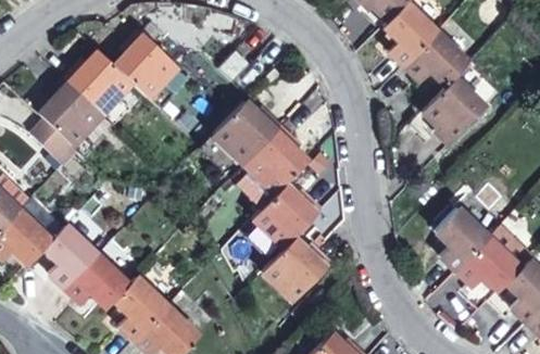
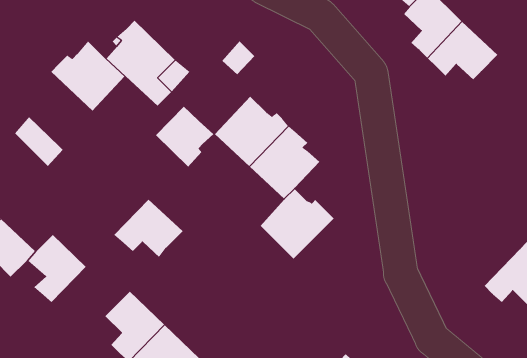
building: [39,79,102,147] -> none
building: [422,79,485,147] -> none
building: none -> [155,106,214,167]
building: [436,208,488,273] -> none
building: [262,239,329,303] -> none
building: [65,255,128,308] -> [114,199,183,258]

